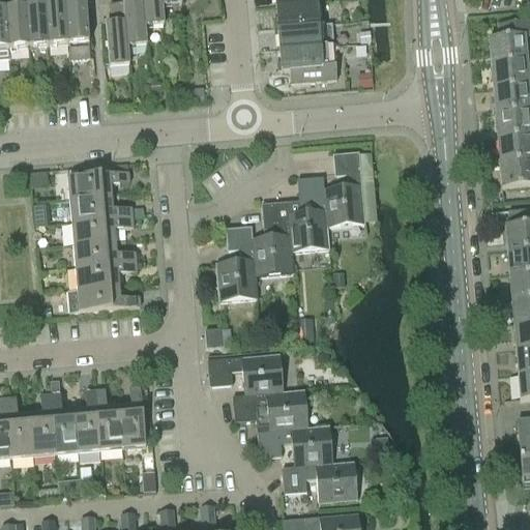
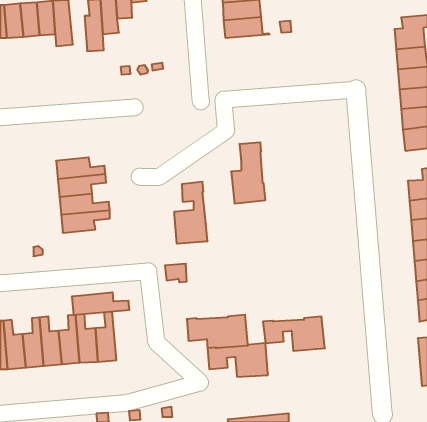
building: [279,42,336,81] -> none
building: [323,151,365,227] -> none
building: [68,170,129,199] -> none
building: [252,200,293,276] -> none
building: [68,284,140,312] -> [72,292,129,315]
building: [208,353,283,394] -> none
building: [282,460,358,502] -> [263,316,325,351]

